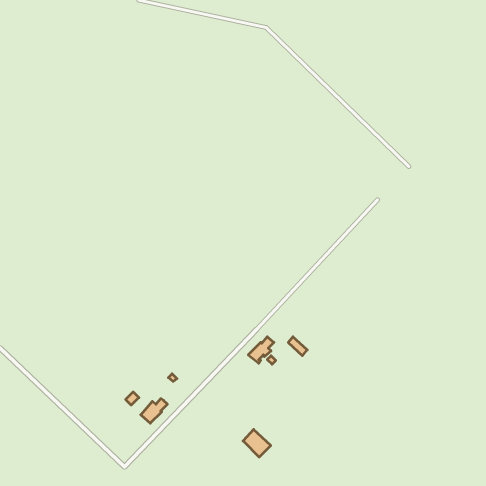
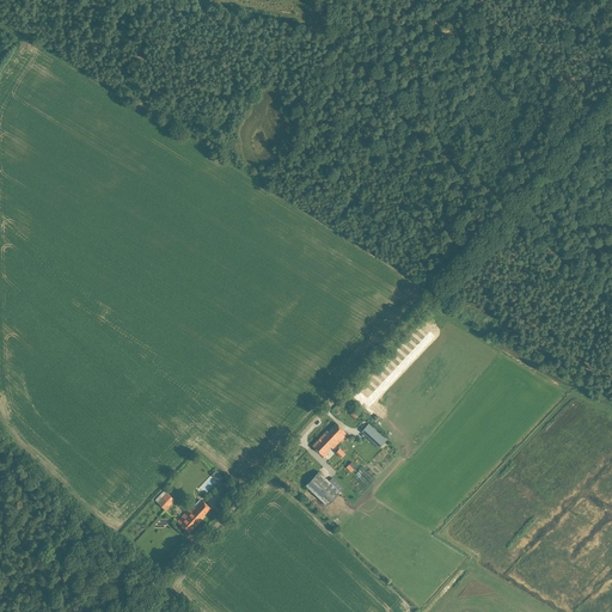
building: [243,429,271,457] -> [306,471,341,506]

